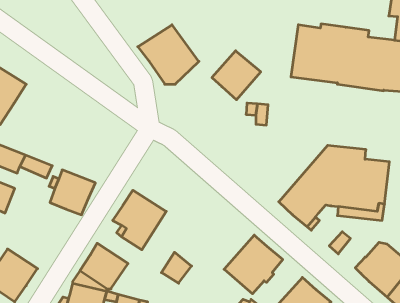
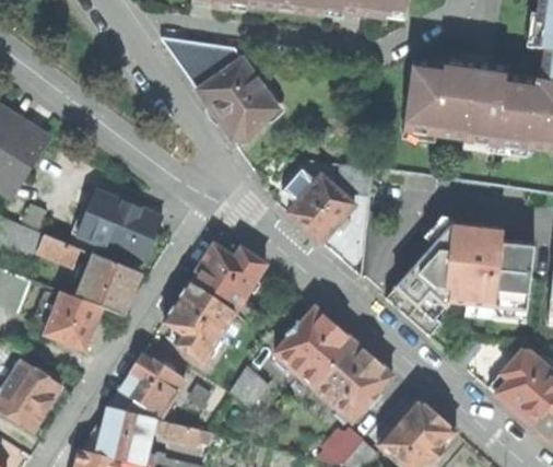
building: none -> [160,37,243,90]
building: [212,51,261,100] -> [289,176,354,242]
building: none -> [71,188,162,262]
building: none -> [190,245,266,311]
building: none -> [45,292,101,350]
building: none -> [273,308,353,388]

